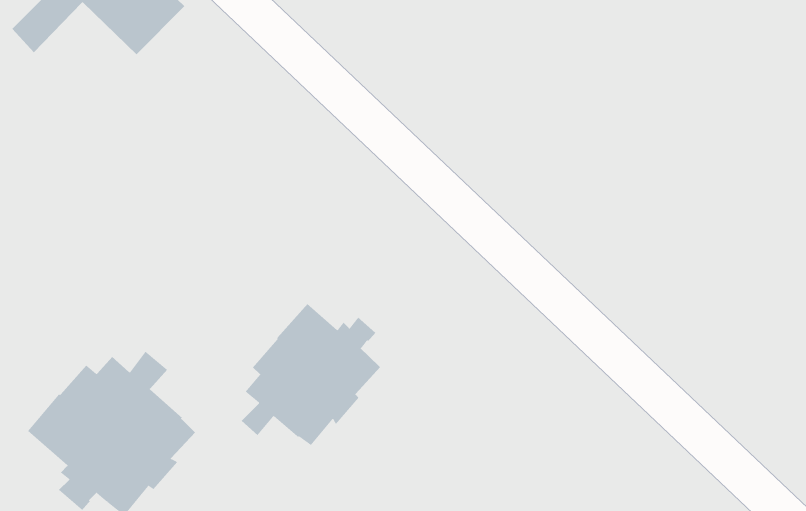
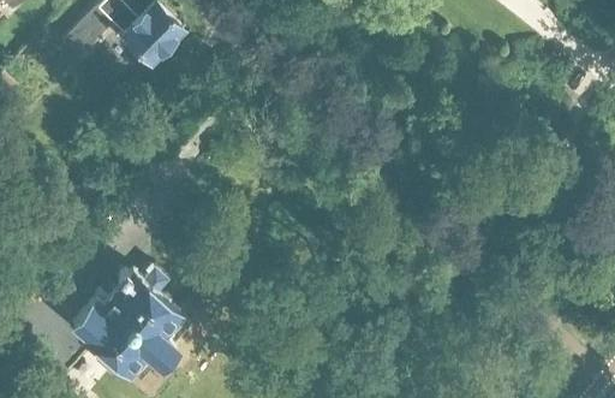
building: [241,303,381,446] -> none

